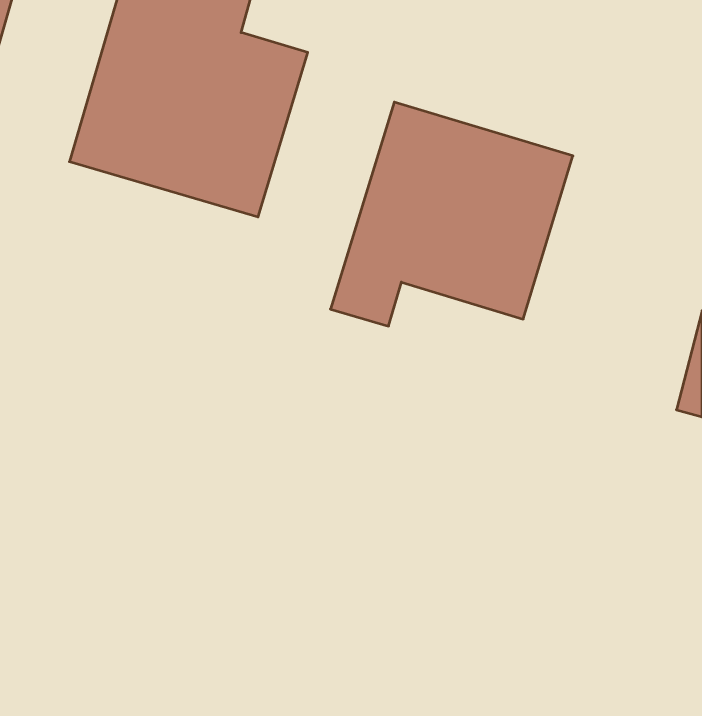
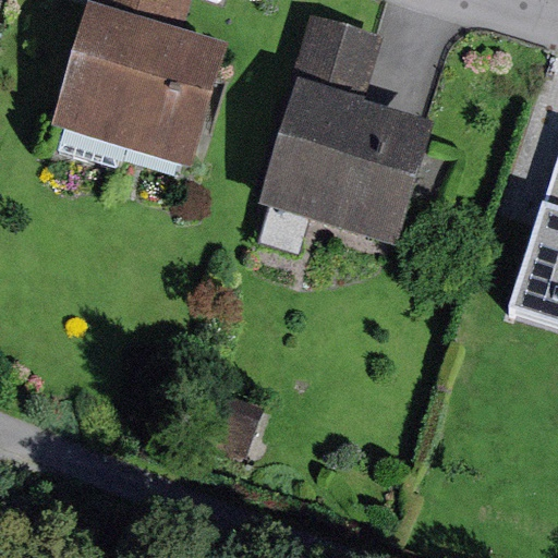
building: none -> [295,13,386,93]

